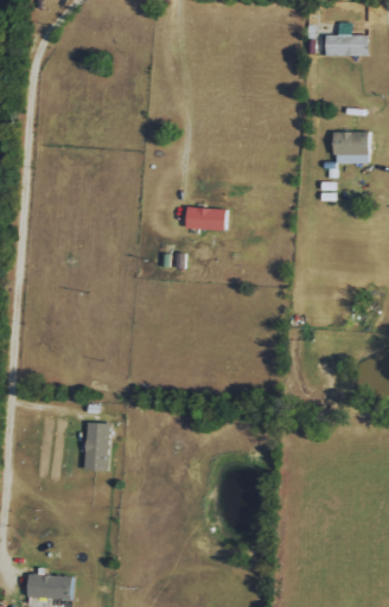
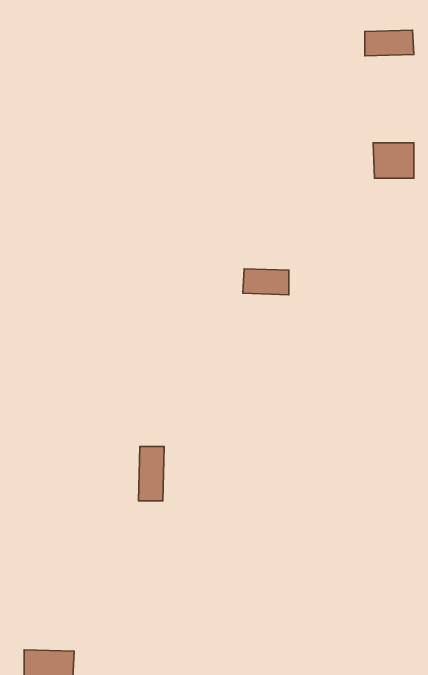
building: [186,206,227,229] -> [243,269,289,295]
building: [85,422,108,469] -> [138,446,164,501]

